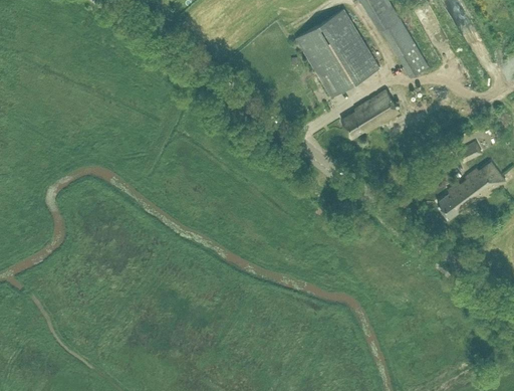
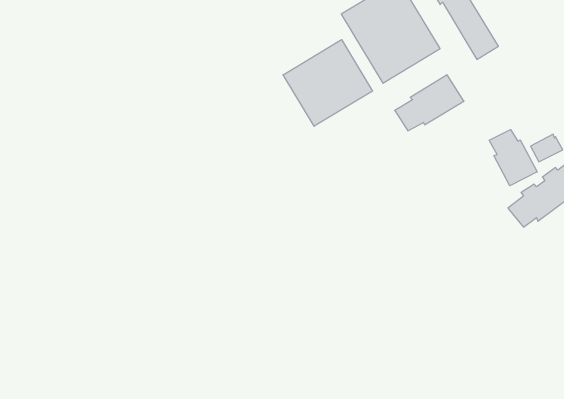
building: none -> [283,40,373,126]
building: none -> [489,130,537,186]

